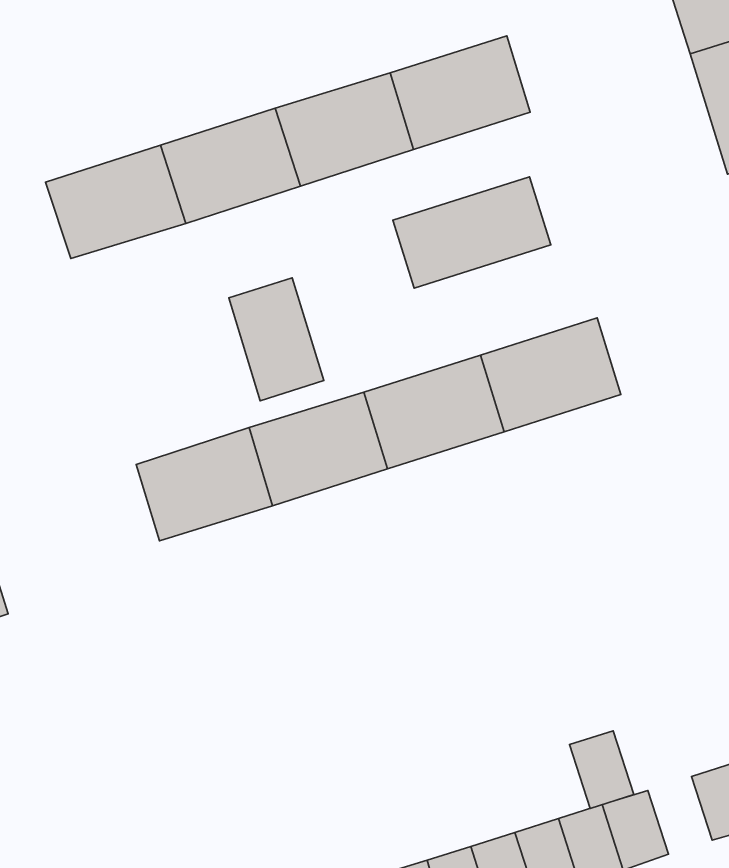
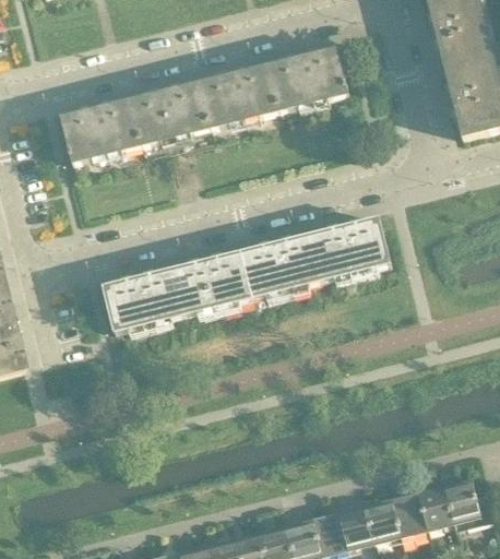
building: [393,177,551,288] -> none
building: [229,278,324,401] -> none
building: [569,731,634,808] -> [390,490,426,535]

